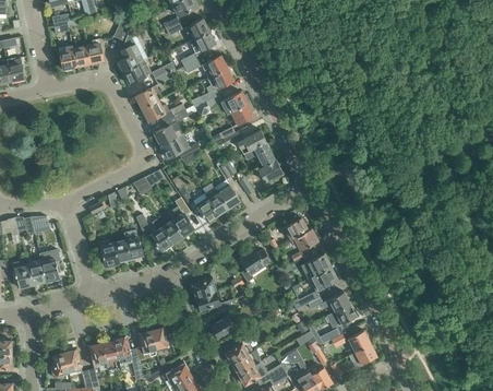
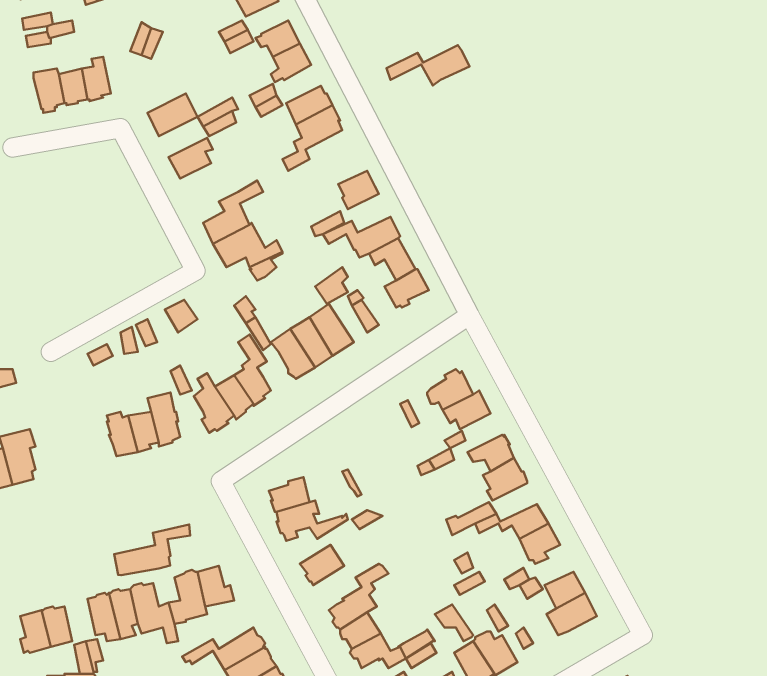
building: [118,42,148,71] -> none
building: [201,92,248,115] -> [387,45,469,86]
building: [142,99,185,121] -> none
building: [239,249,269,282] -> none
building: none -> [114,525,190,575]

